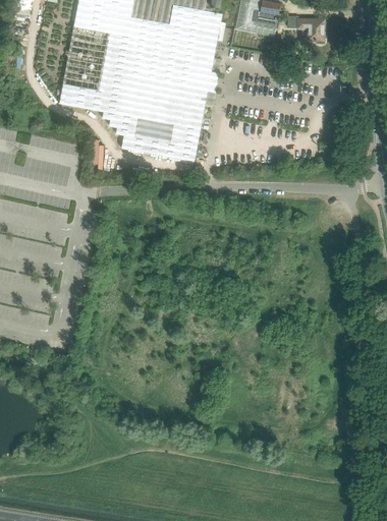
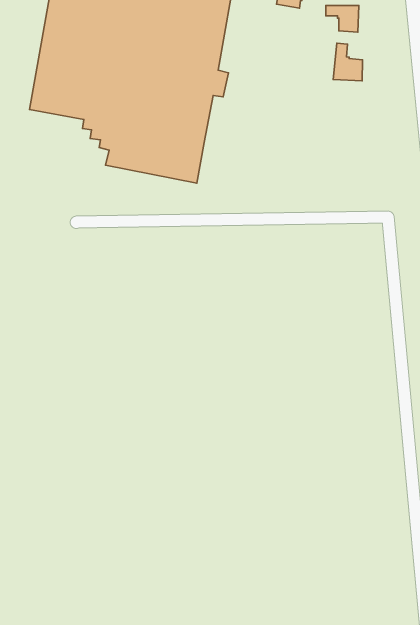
building: none -> [333,43,363,81]

